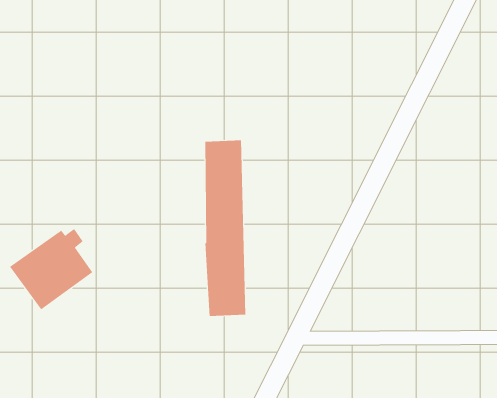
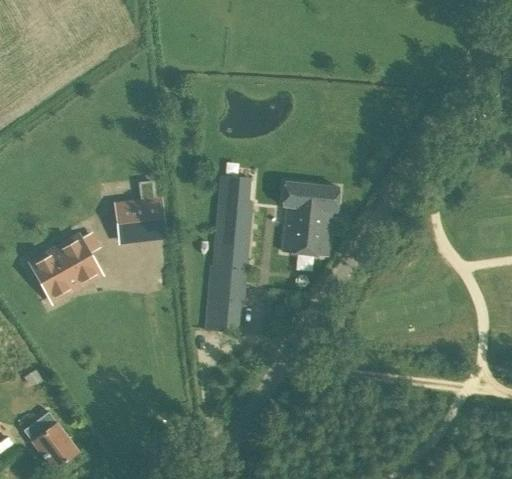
building: none -> [281,180,338,256]
building: none -> [113,196,166,244]

